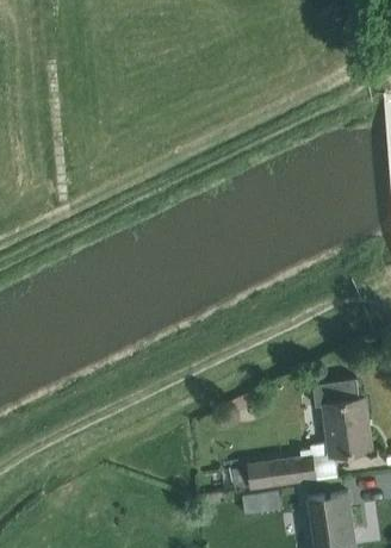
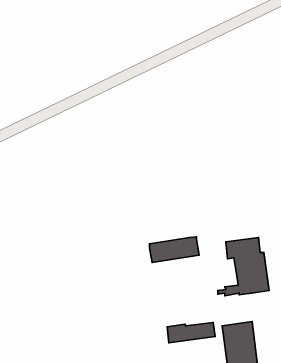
building: [248,454,315,488] -> [150,237,199,262]

